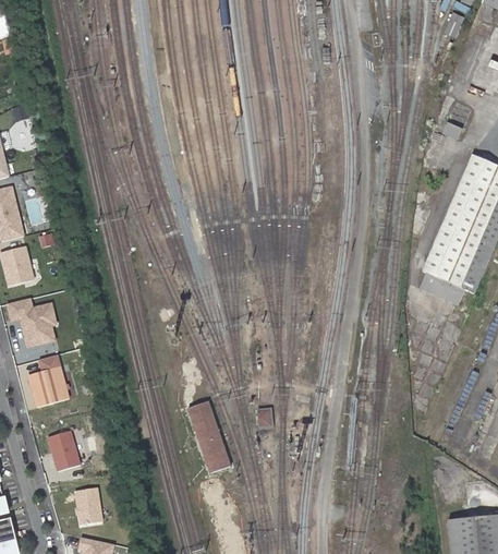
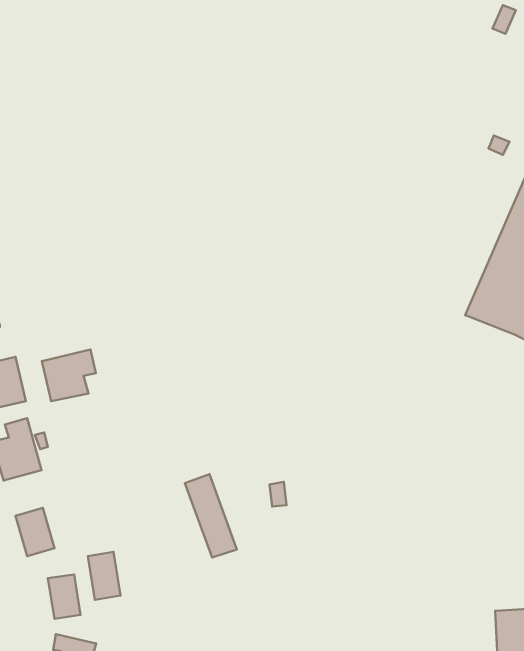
building: [420,270,464,301] -> none
building: none -> [42,350,96,401]
building: none -> [88,552,121,600]

